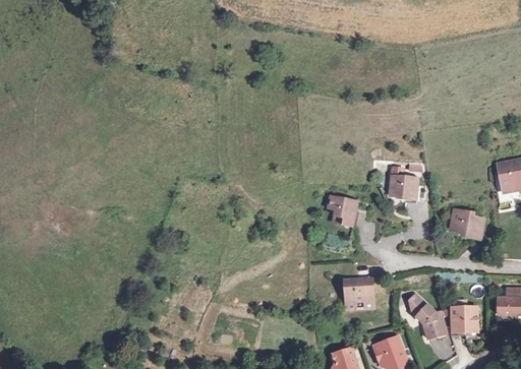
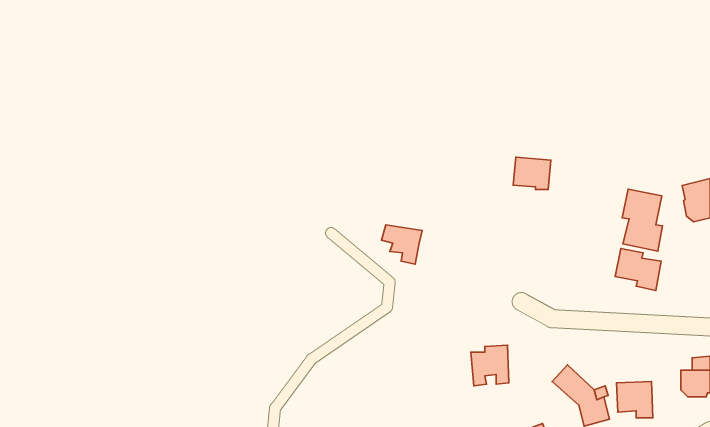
building: none -> [622,189,663,251]
building: [390,176,417,199] -> [513,157,551,189]
building: [328,197,357,226] -> [382,225,422,264]

